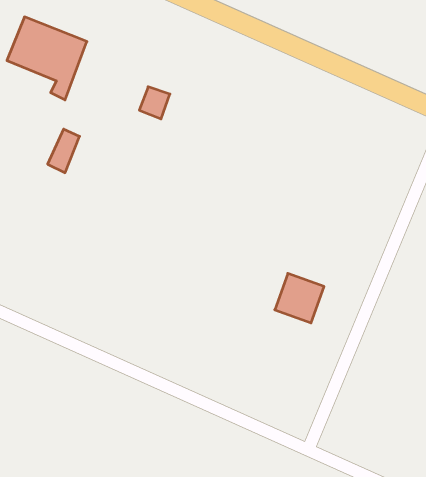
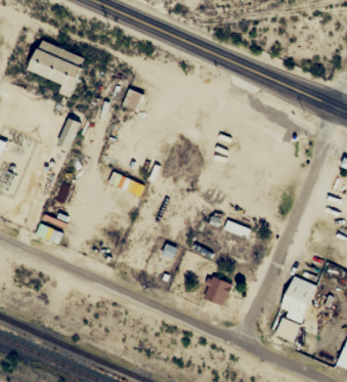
building: none -> [203,274,233,305]
building: none -> [273,275,315,340]

